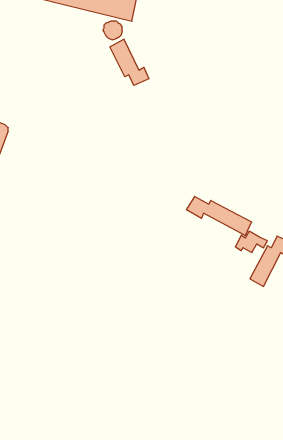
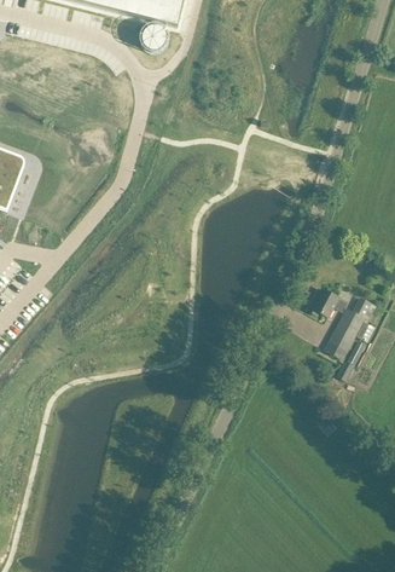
building: [110,39,149,85] -> none
building: [187,196,252,236] -> none

